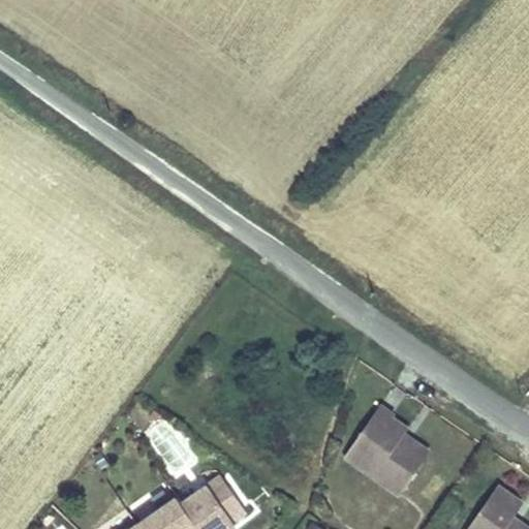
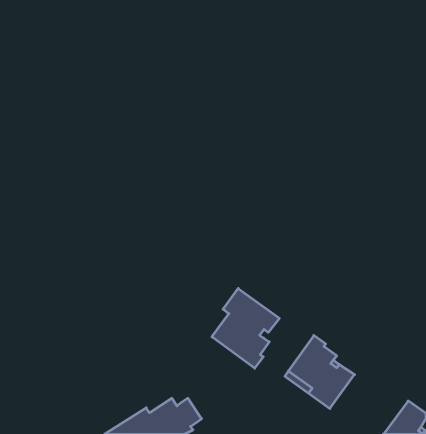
building: none -> [212,288,279,368]

